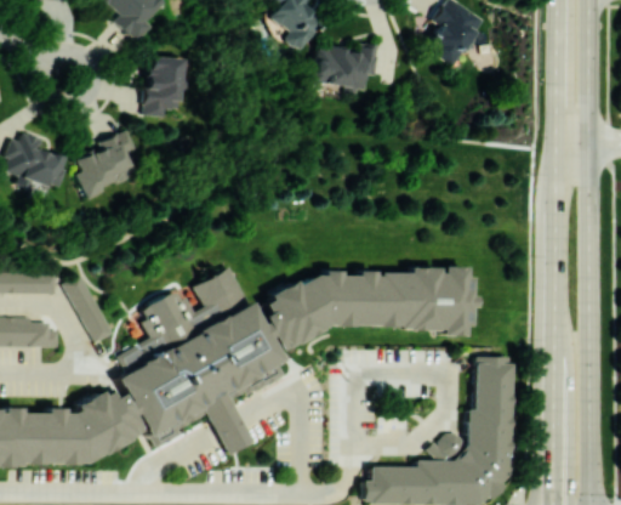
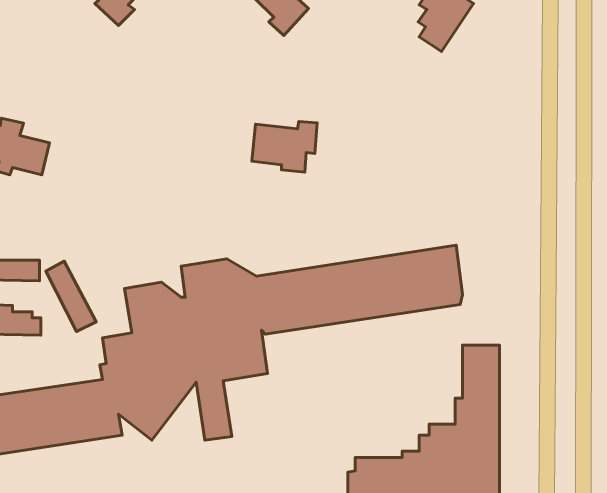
building: [314,44,378,93] -> [252,122,317,172]
building: [144,57,182,118] -> none
building: [76,130,137,195] -> none

